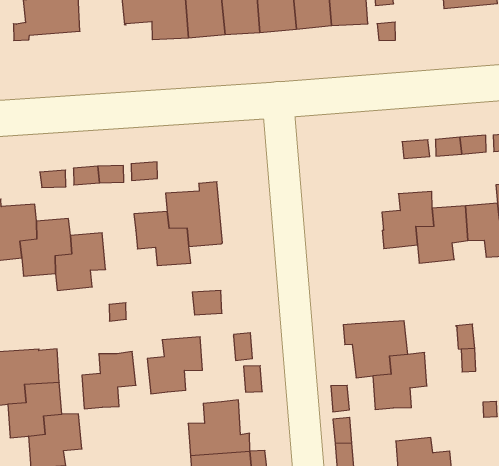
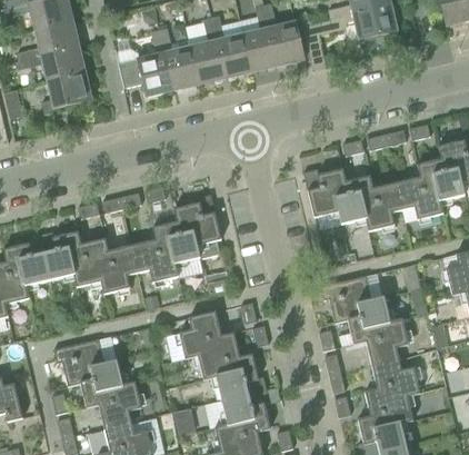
building: none -> [302,168,349,217]
building: none -> [131,239,178,280]
building: [82,352,136,409] -> [198,332,239,379]
building: none -> [367,318,408,365]

